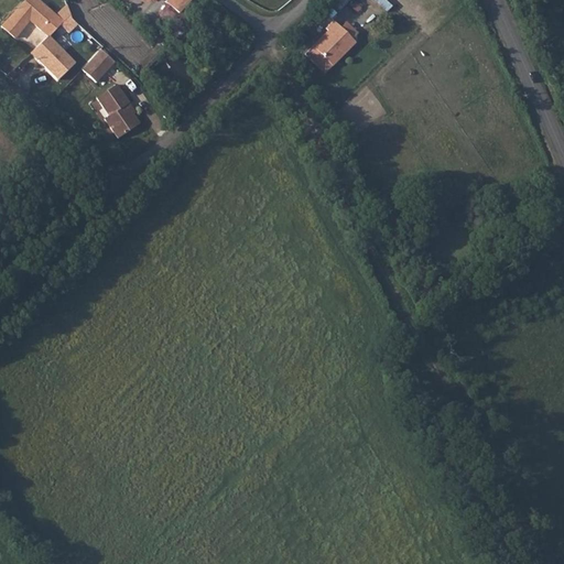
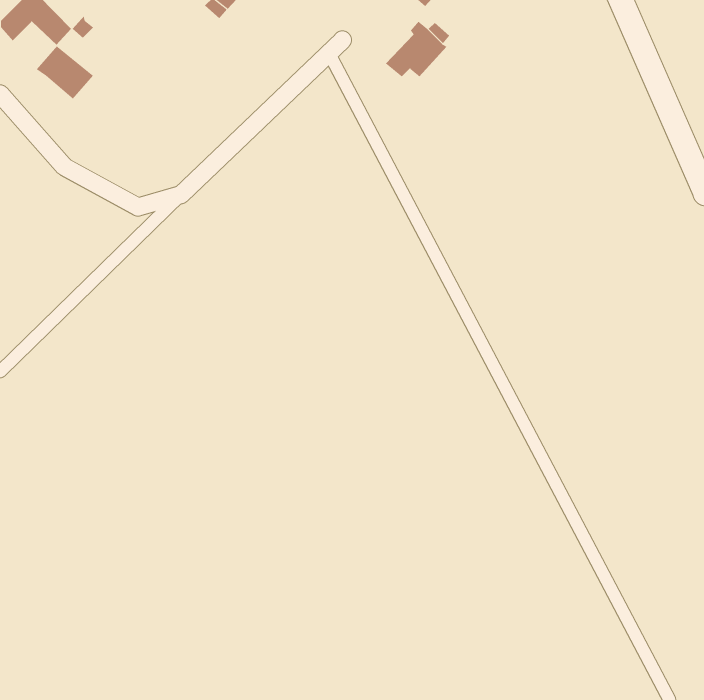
building: [84,45,115,78] -> none
building: [97,84,140,138] -> none

